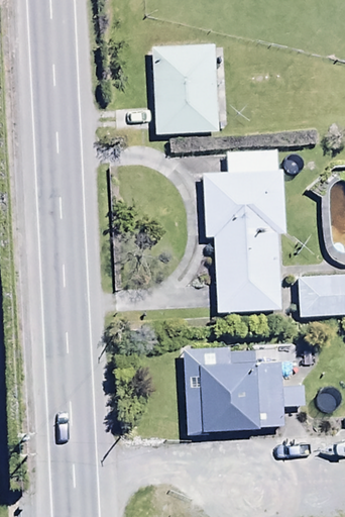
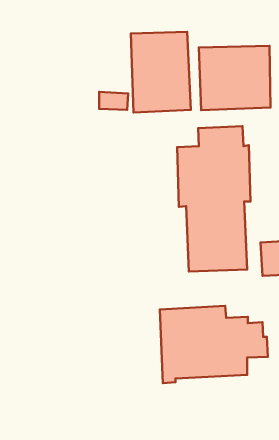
building: none -> [199,46,270,110]

